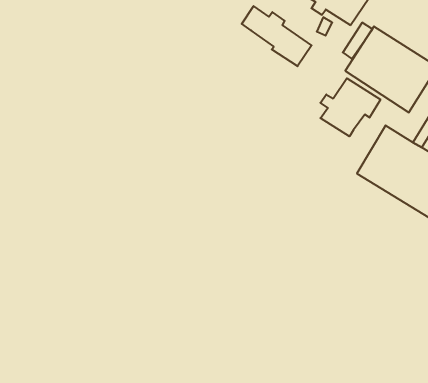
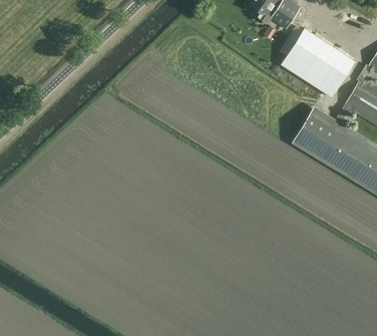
building: [242,6,312,66] -> none
building: [320,78,380,136] -> none

